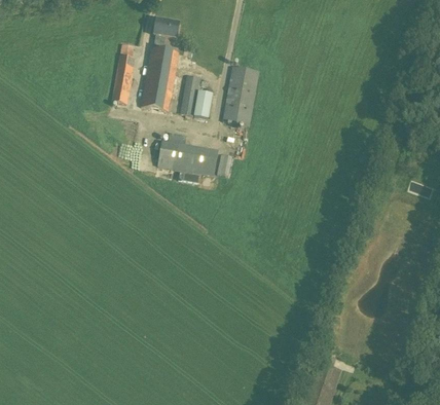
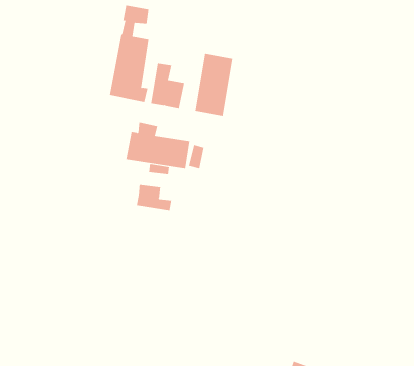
building: [111,54,135,104] -> none
building: none -> [137,184,172,211]

